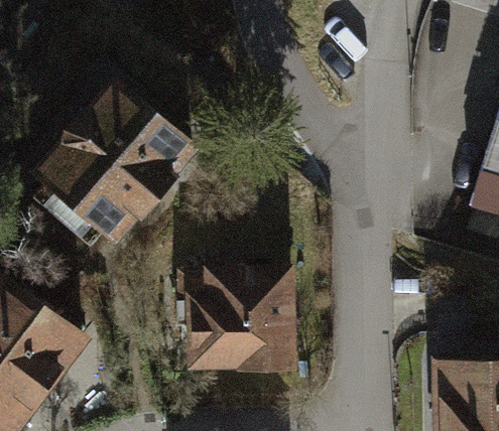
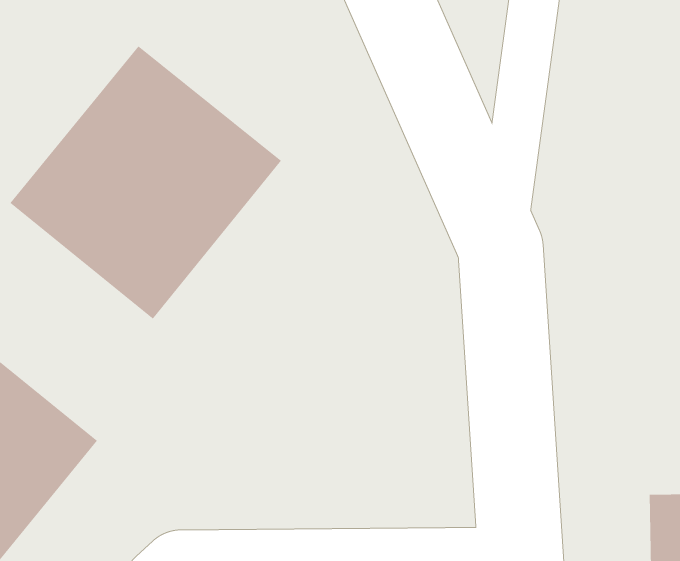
building: [202,270,321,381] -> none

